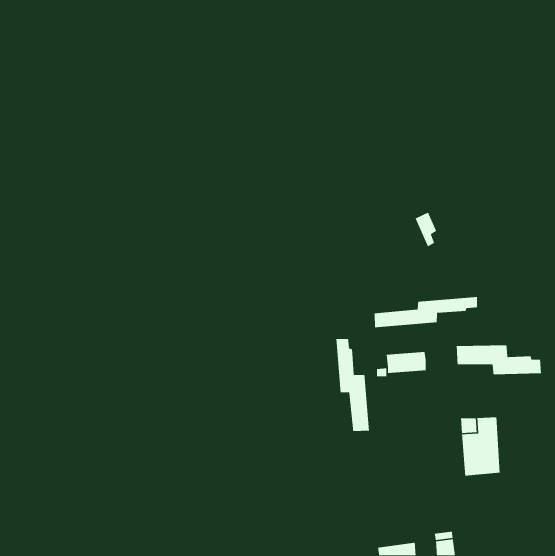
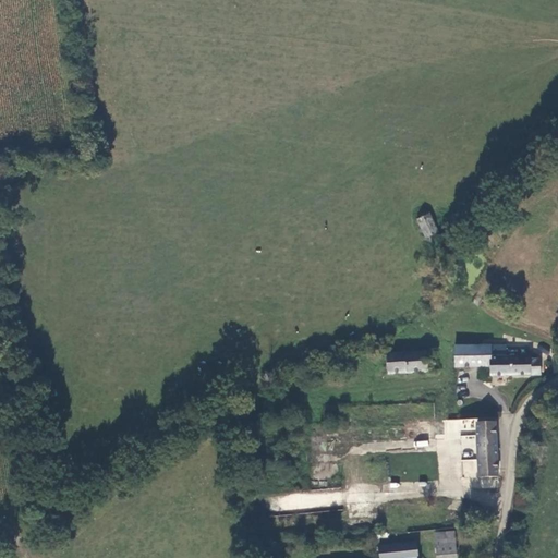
building: [374,296,478,328] -> none
building: [335,338,370,432] -> none

